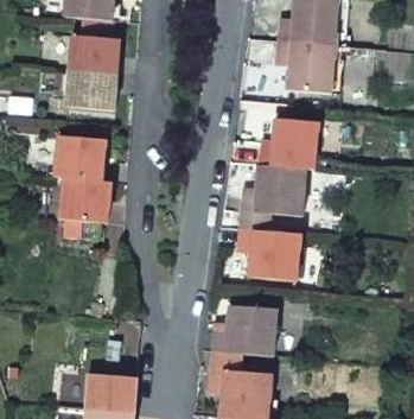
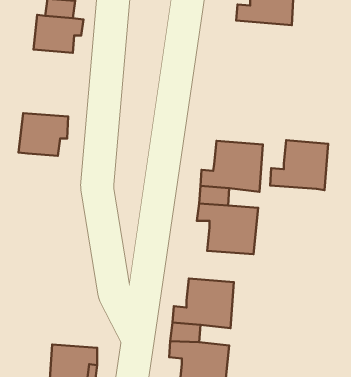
building: [275,40,335,93] -> none
building: [68,70,116,110] -> none
building: [257,118,317,169] -> [270,140,328,190]
building: [60,177,112,222] -> none

